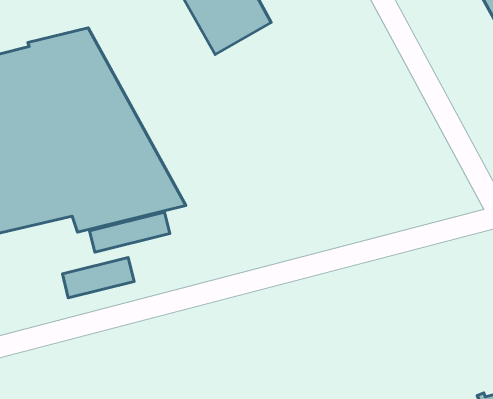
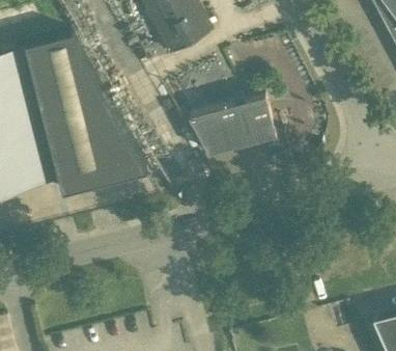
building: none -> [188,89,276,148]
building: [62,258,134,298] -> none

